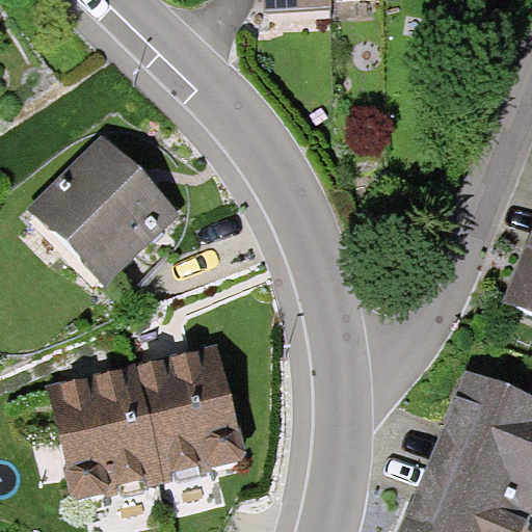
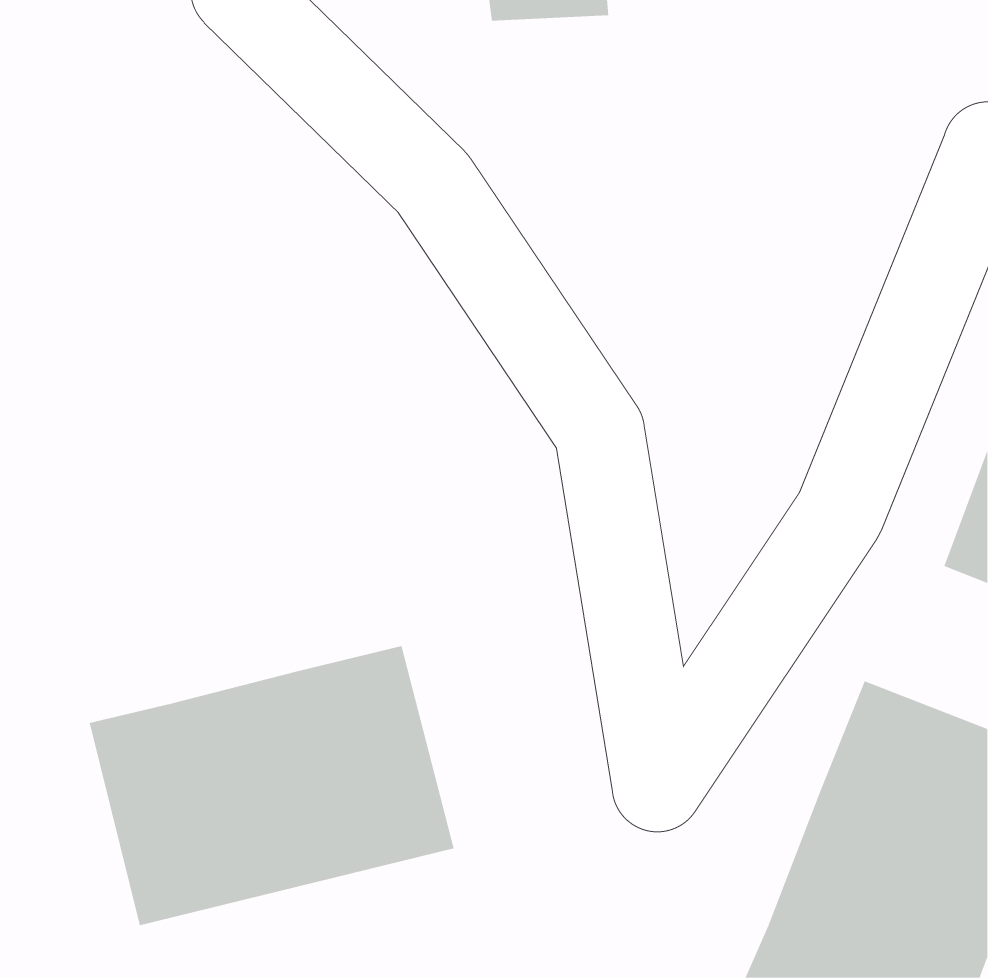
building: [34,138,183,287] -> none

